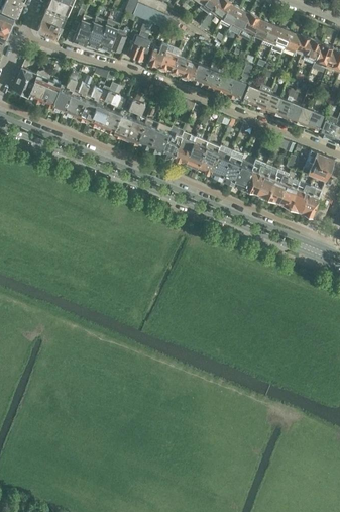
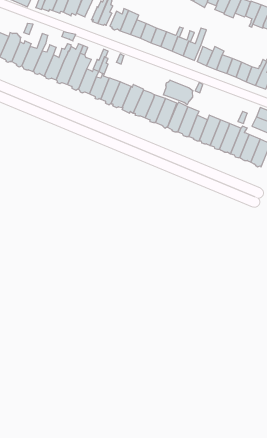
building: none -> [163,80,193,105]

